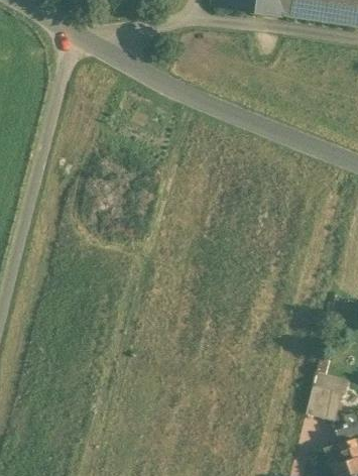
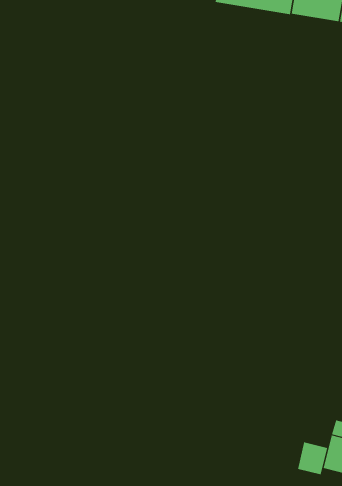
building: none -> [297,441,328,475]

